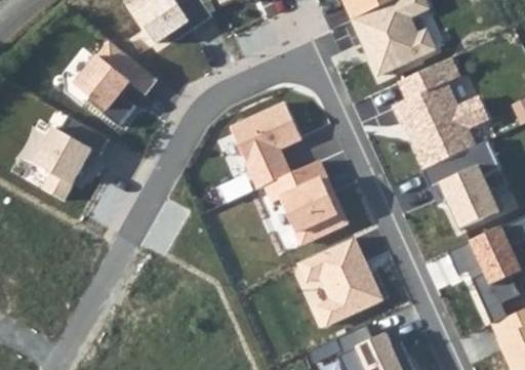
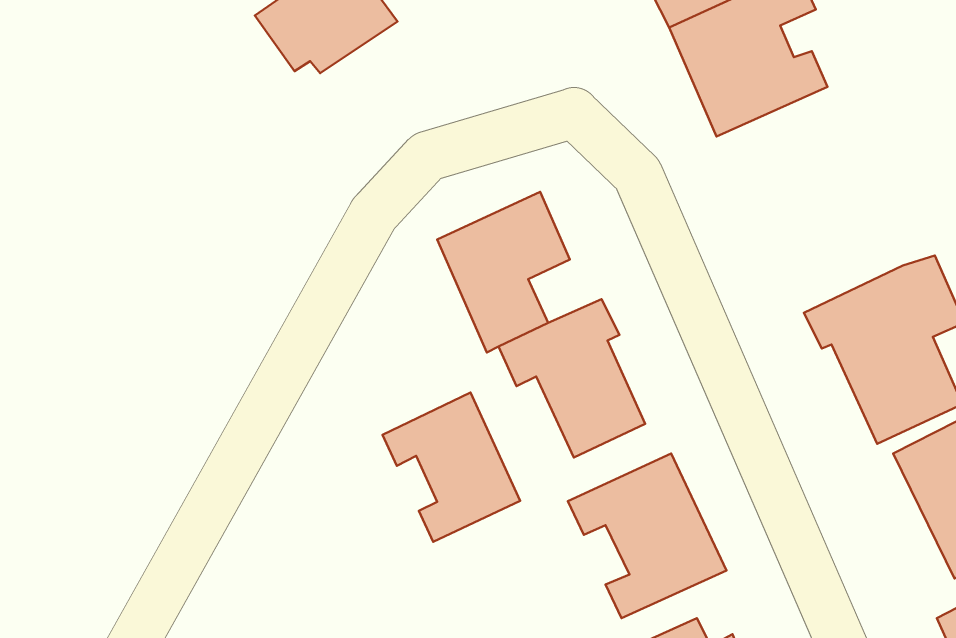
building: [74,38,163,113] -> none
building: [389,54,487,169] -> none
building: [18,125,95,204] -> none
building: none -> [382,392,520,542]

